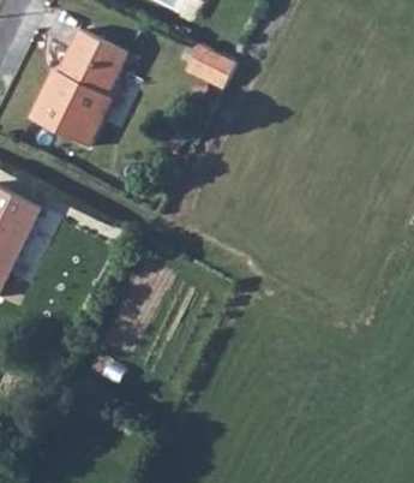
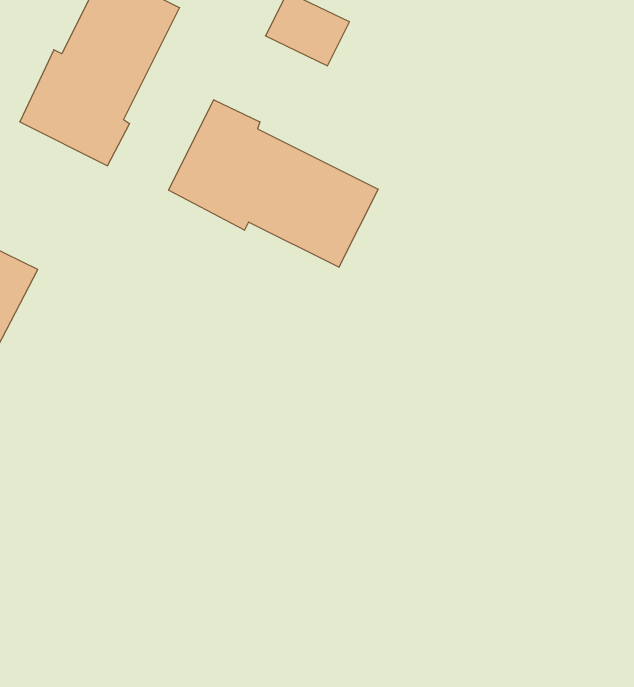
building: none -> [169,100,378,267]

